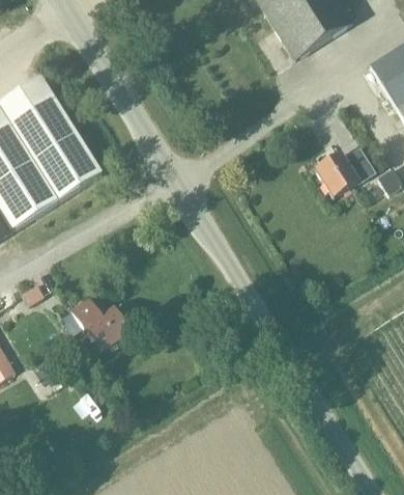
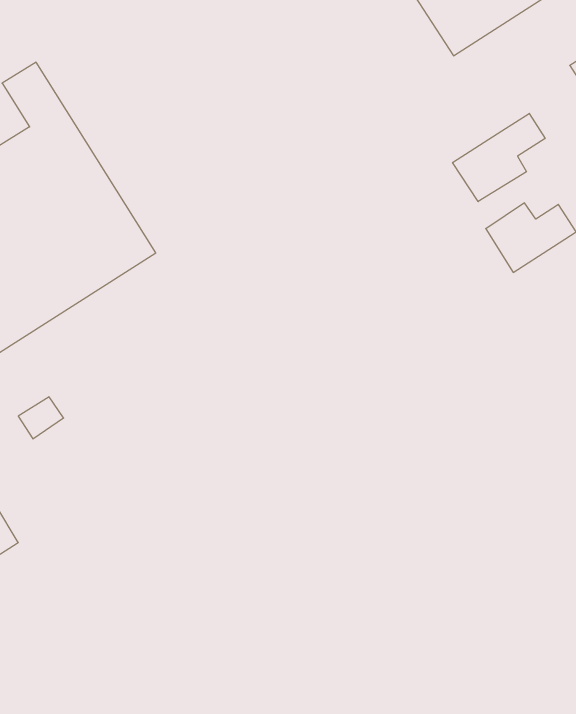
building: none -> [453,113,545,202]
building: [70,296,131,356] -> none

